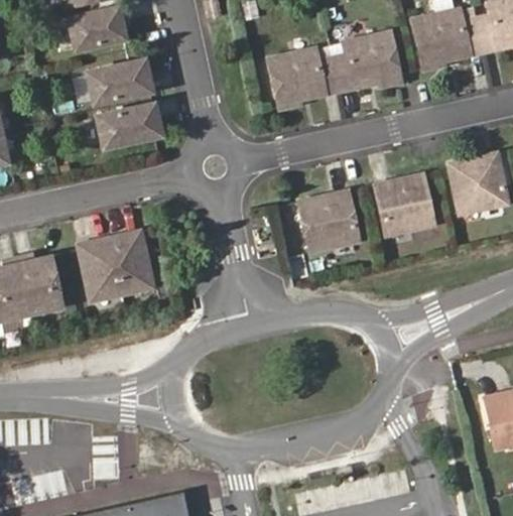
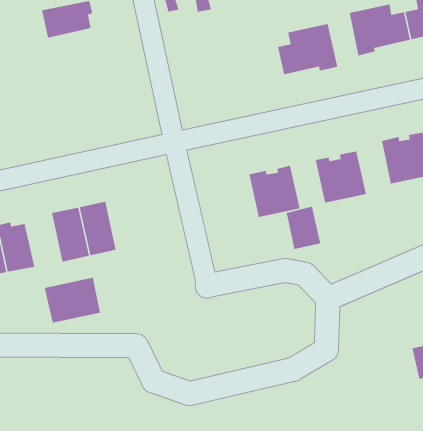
building: [269,49,340,109] -> none
building: [87,60,151,104] -> none
building: [96,103,157,147] -> none
building: none -> [286,206,321,250]
building: none -> [44,277,101,323]

